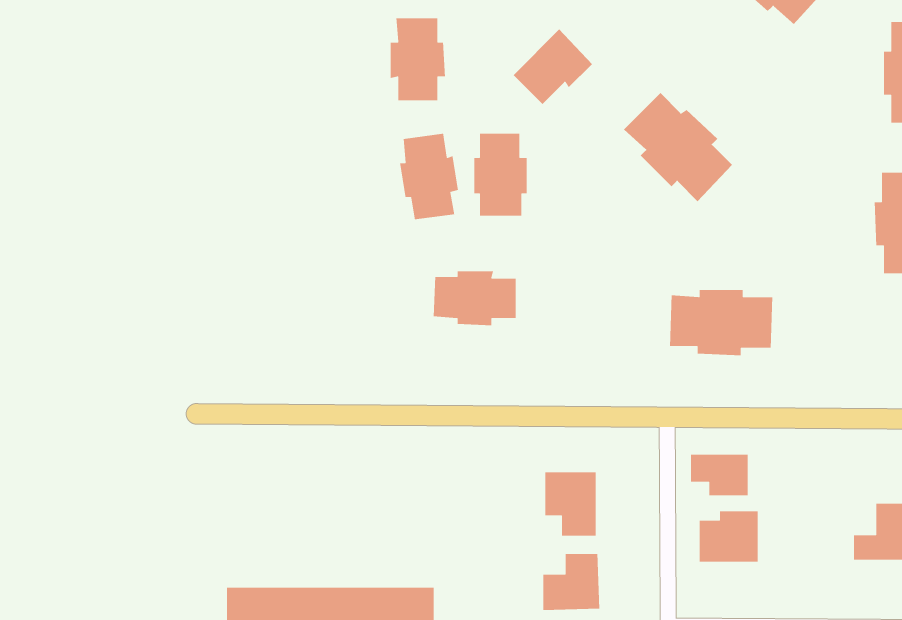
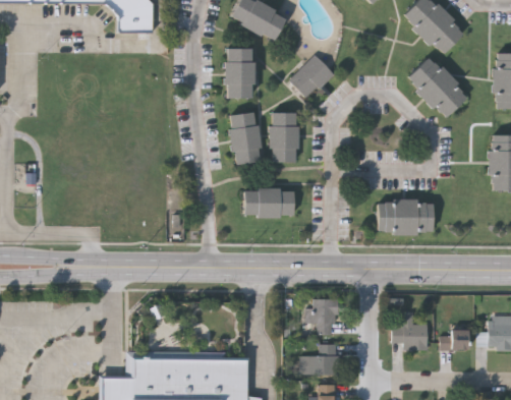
building: [623,92,733,202] -> [408,57,468,117]
building: [690,454,748,496] -> none
building: none -> [441,329,469,349]

